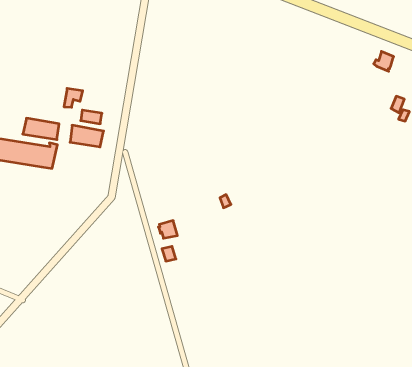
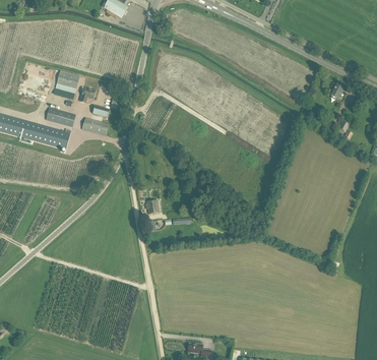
building: none -> [54,69,79,94]

